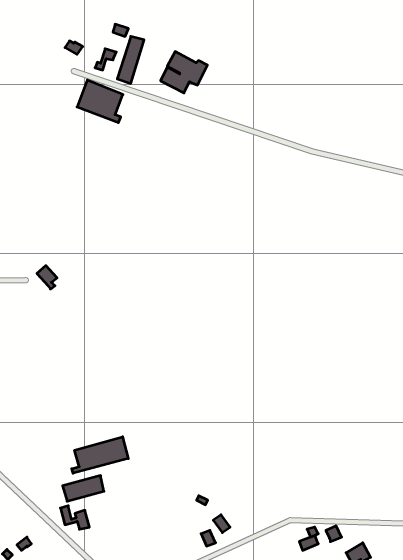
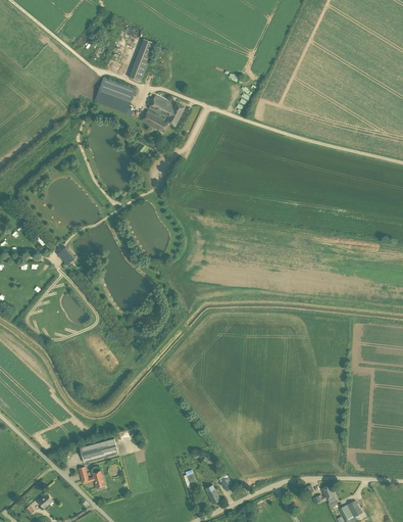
building: [161,52,207,93] -> [141,95,184,133]
building: [72,437,128,473] -> none

